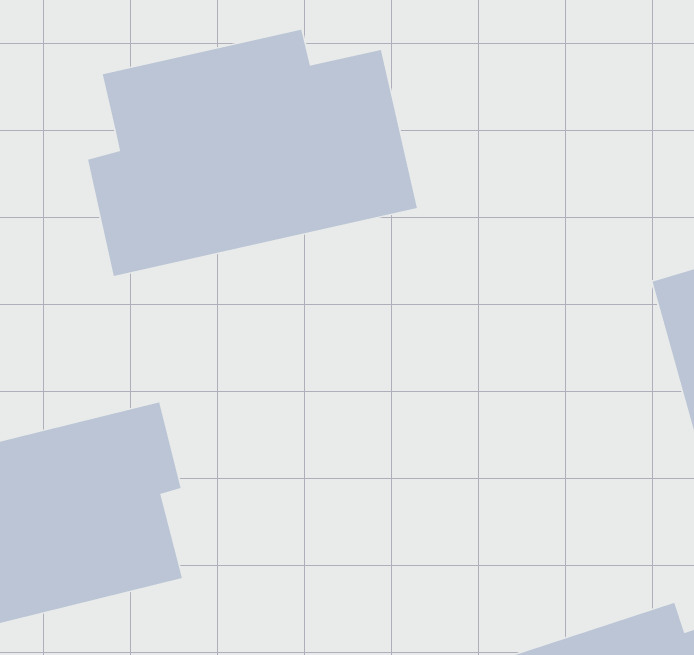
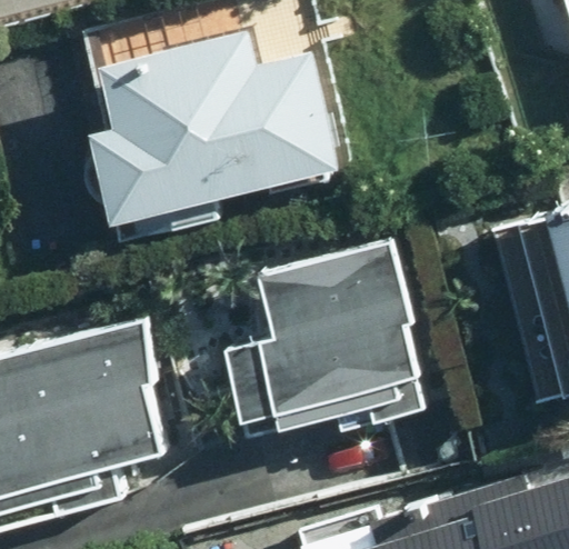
building: none -> [222,248,416,421]

